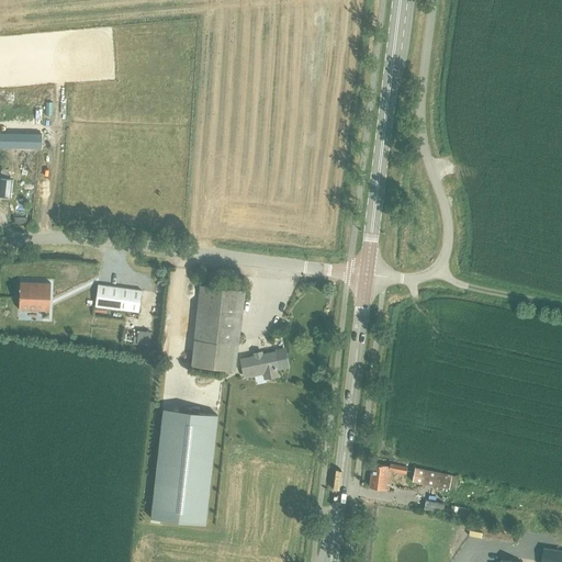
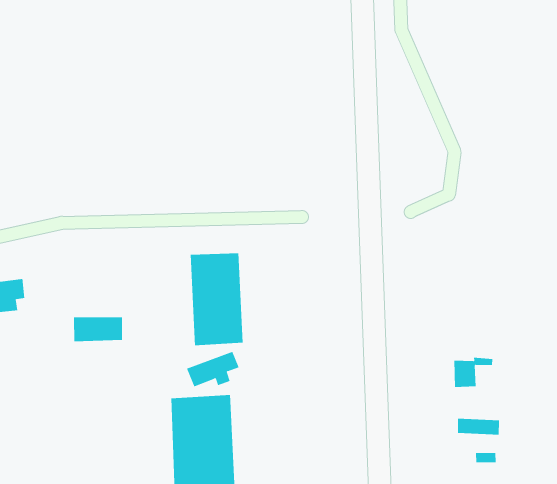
building: [93,284,140,312] -> [73,317,123,342]
building: [238,350,285,379] -> [186,351,239,387]
building: [368,463,406,490] -> [454,357,493,387]

